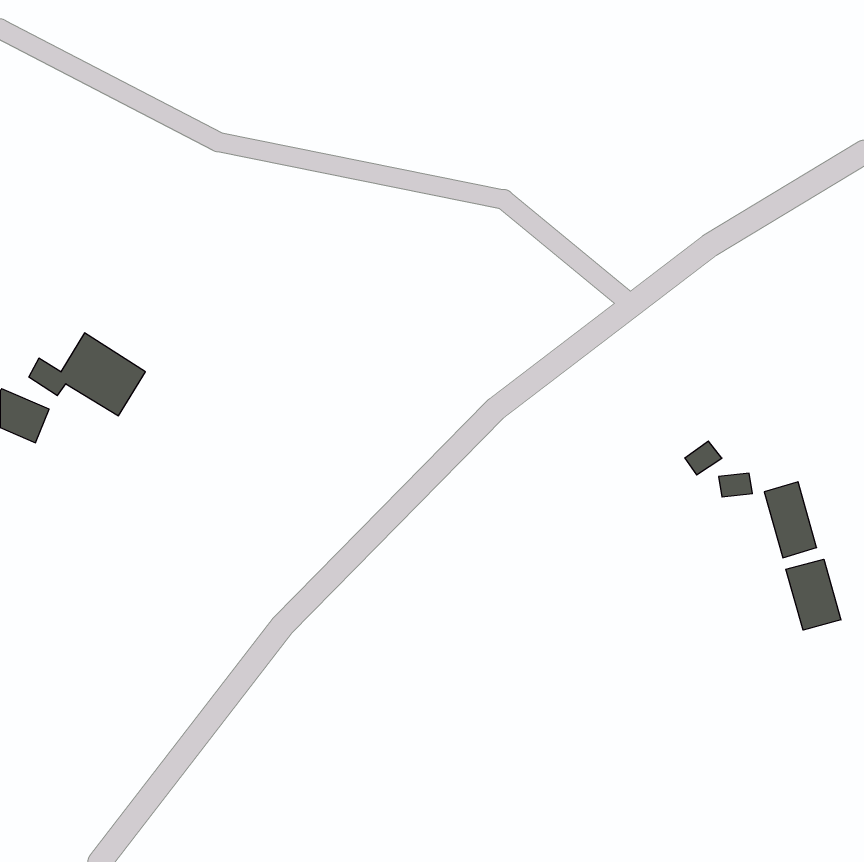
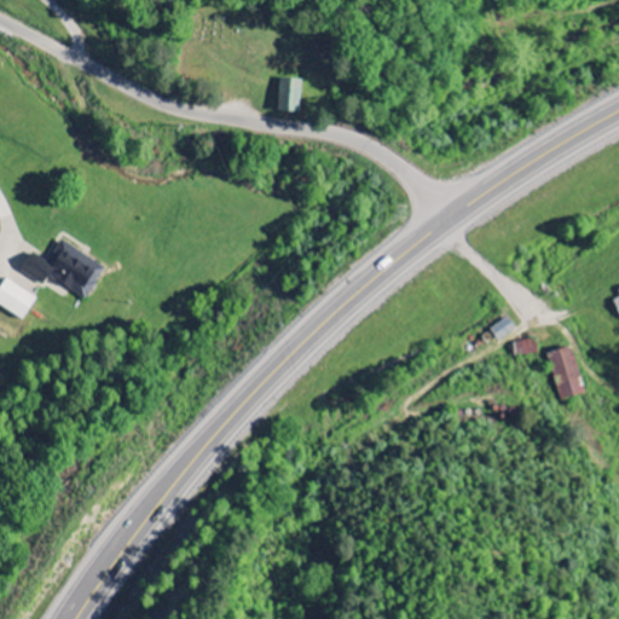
building: none -> [277,79,301,112]
building: [786,559,841,630] -> none

